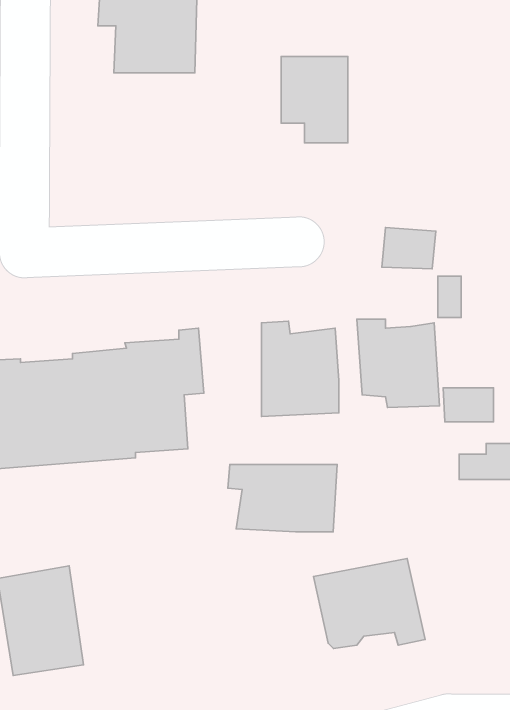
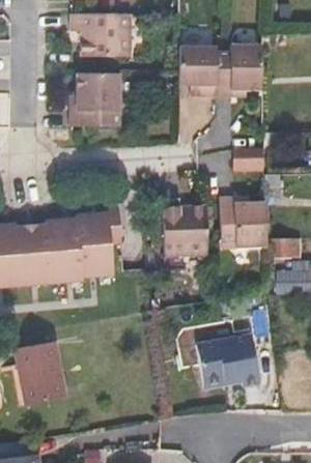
building: none -> [215,47,261,97]
building: none -> [69,74,119,126]
building: [228,464,337,532] -> none

